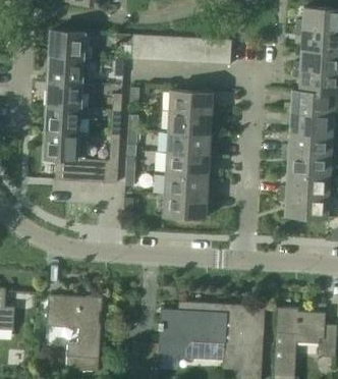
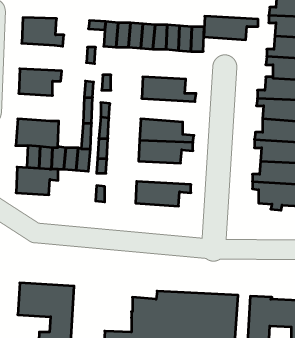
building: [48,56,90,84] -> none
building: [46,106,88,133] -> [16,167,58,195]
building: [168,111,222,134] -> [204,16,258,40]
building: [164,173,218,197] -> none

